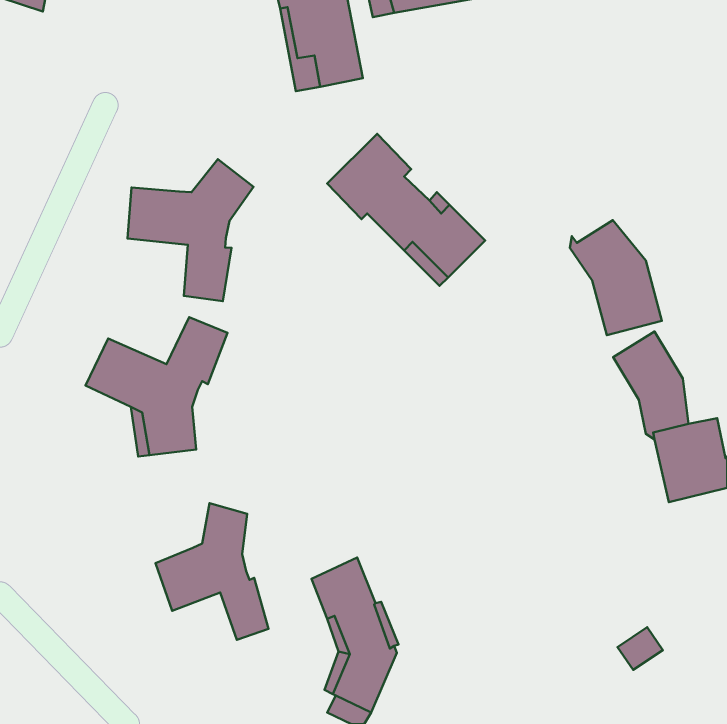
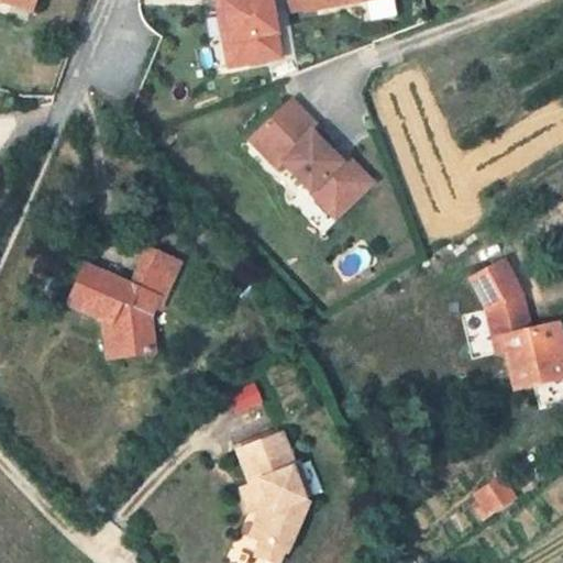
building: [128,159,254,301] -> none
building: [570,220,662,335] -> none
building: [155,503,269,640] -> none

